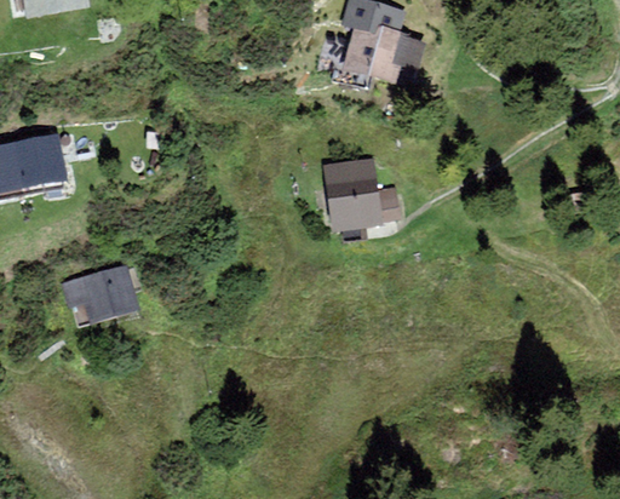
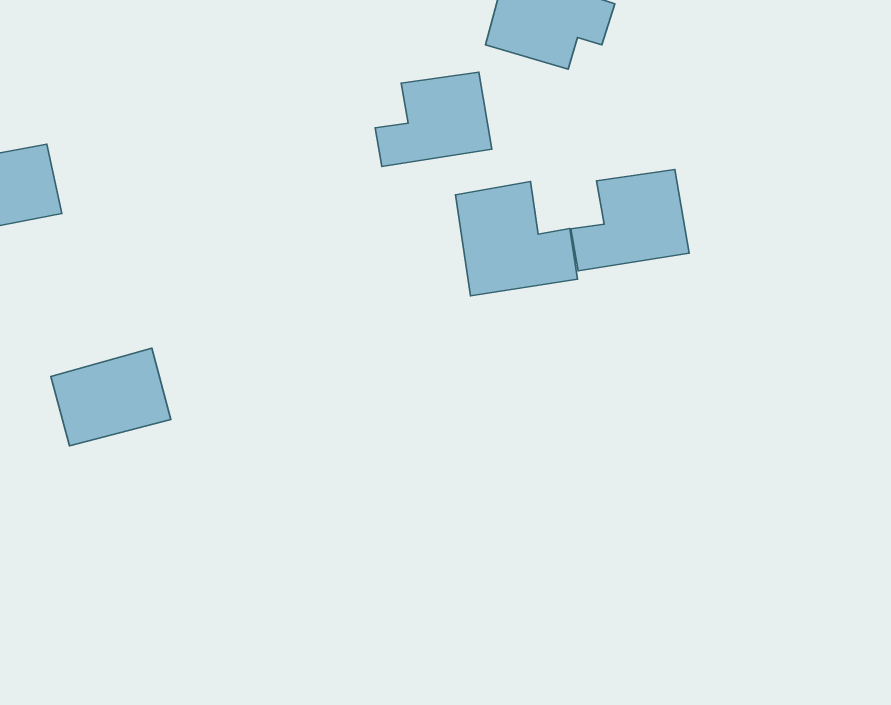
building: none -> [375,72,492,167]
building: none -> [571,169,689,271]

